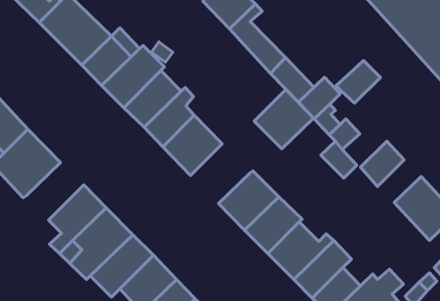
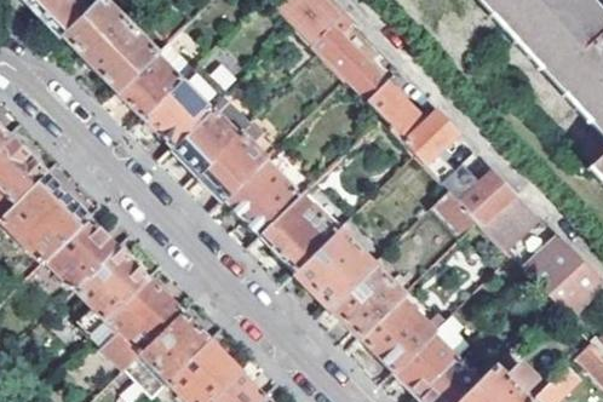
building: [336,61,380,103] -> [458,168,516,224]
building: [254,89,314,149] -> [260,194,338,271]
building: none -> [46,218,121,293]

